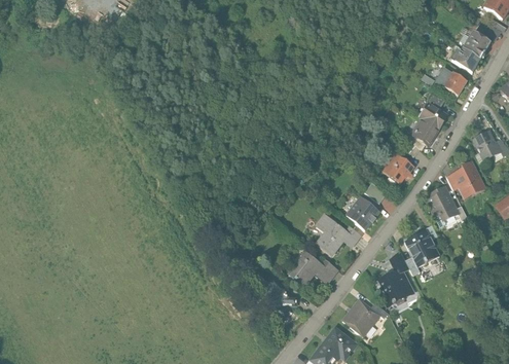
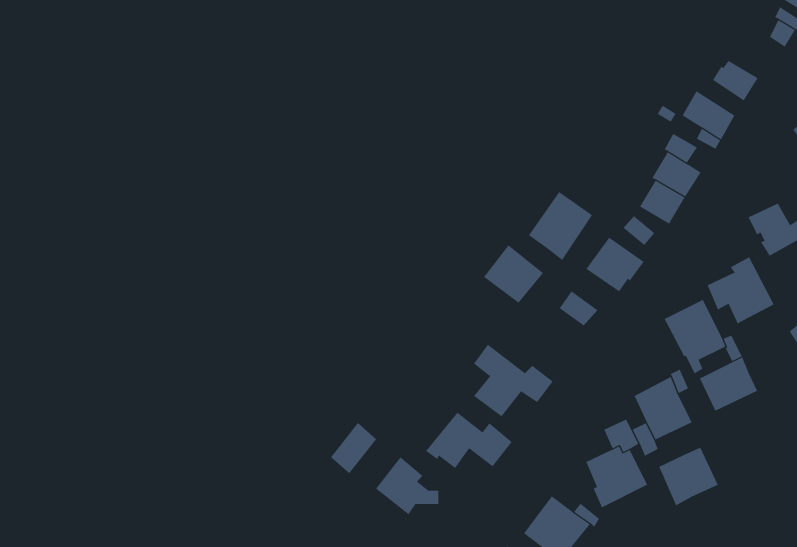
building: [462,32,490,59] -> none
building: none -> [528,191,593,261]
building: [343,194,378,228] -> [483,245,544,304]
building: none -> [699,356,758,412]
building: none -> [330,422,377,474]
building: none -> [659,447,719,506]

